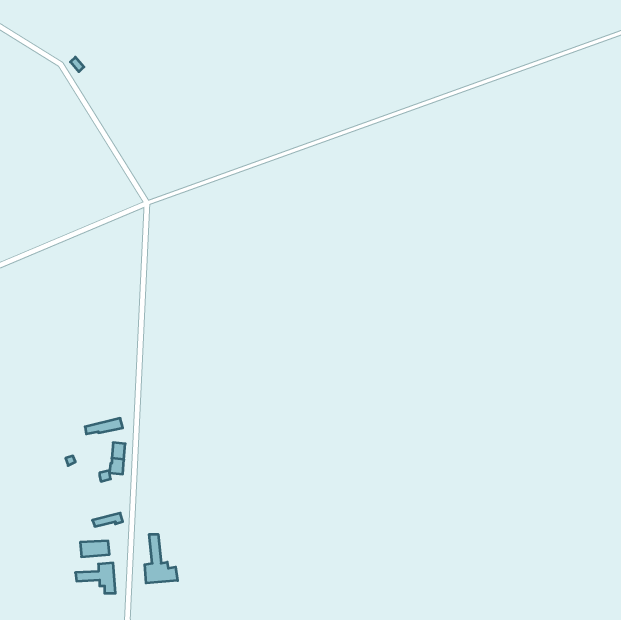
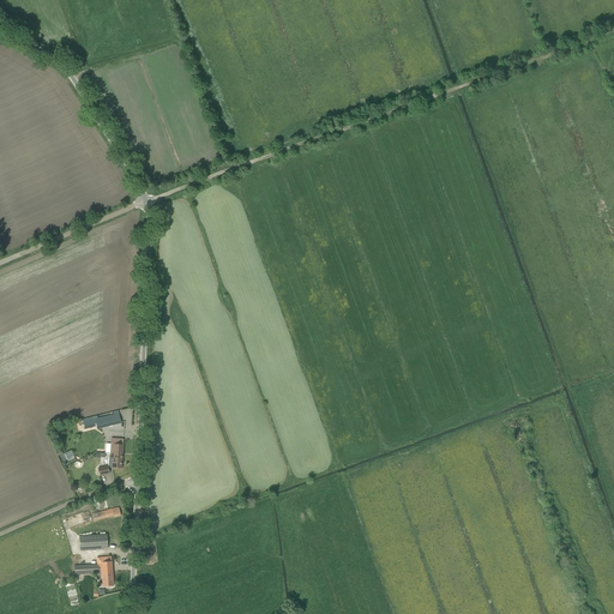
building: [145,534,178,583] -> none

